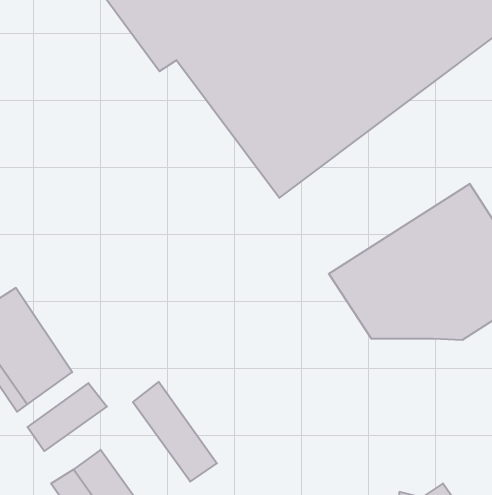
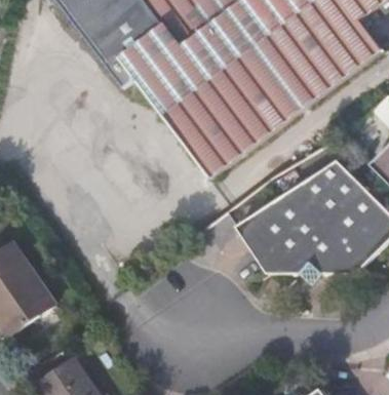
building: [133,382,217,482] -> none
building: [27,383,107,451] -> none

